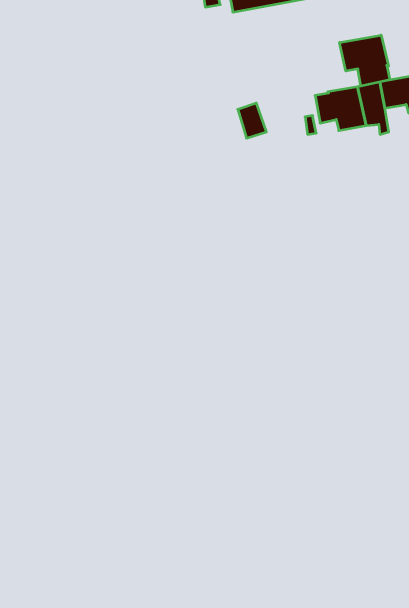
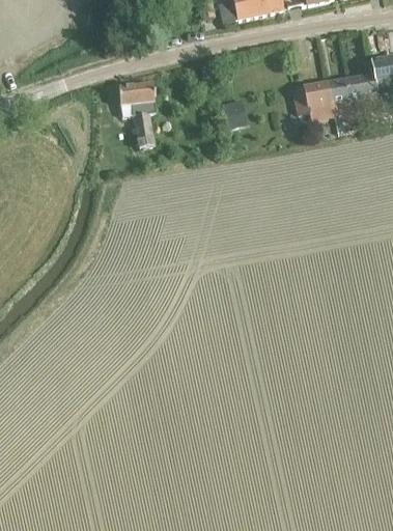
building: [340,35,390,86] -> none
building: none -> [118,82,153,145]

